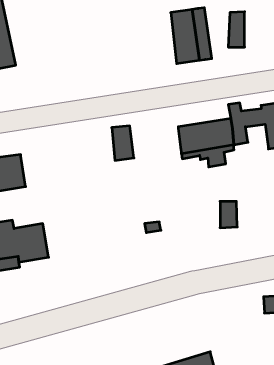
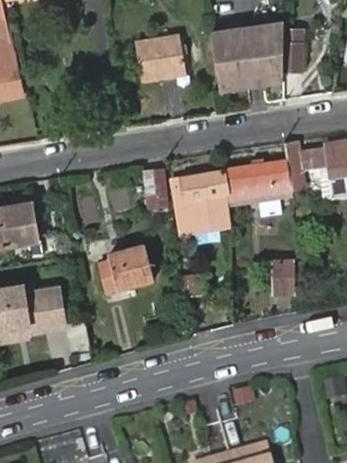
building: none -> [255,20,286,86]
building: none -> [137,37,186,78]
building: none -> [172,171,228,235]
building: none -> [98,246,154,290]

